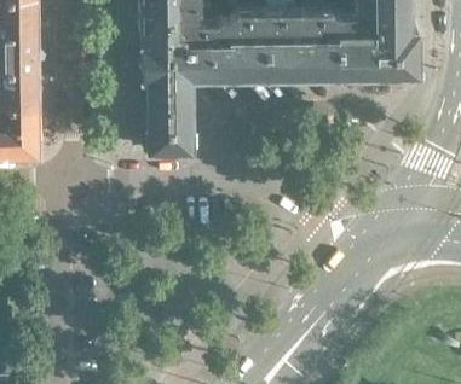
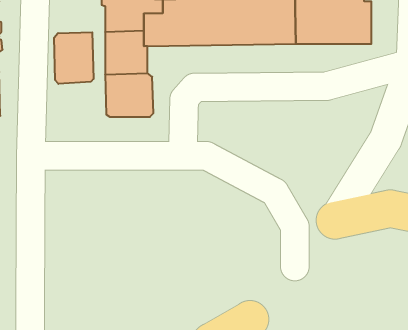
building: none -> [54,32,94,84]

